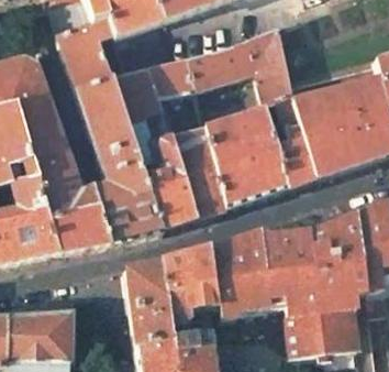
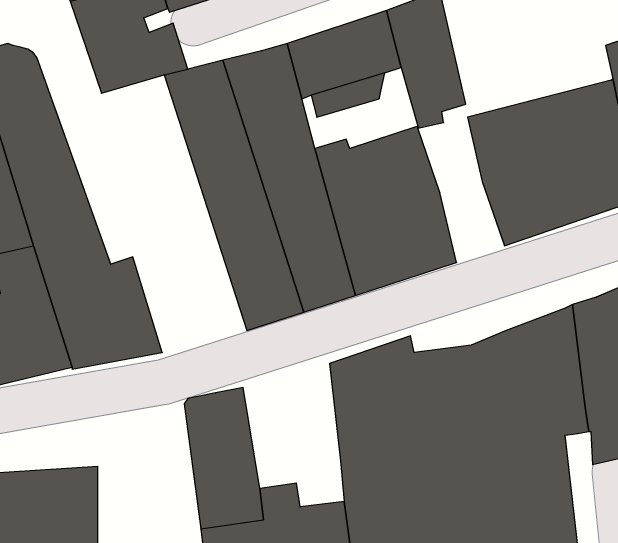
building: [76,74,164,240] -> none
building: [278,91,316,186] -> none
building: [160,247,219,321] -> none

